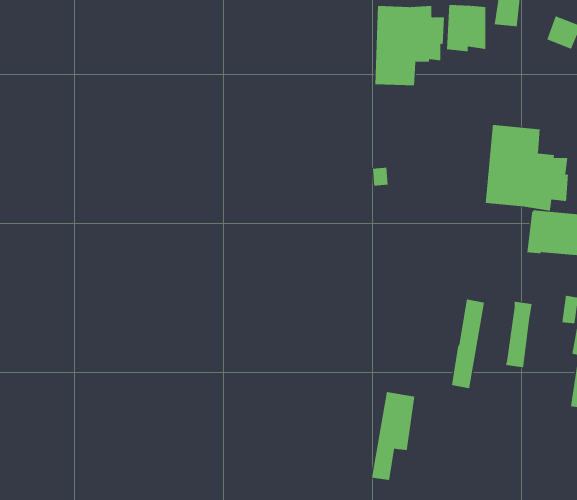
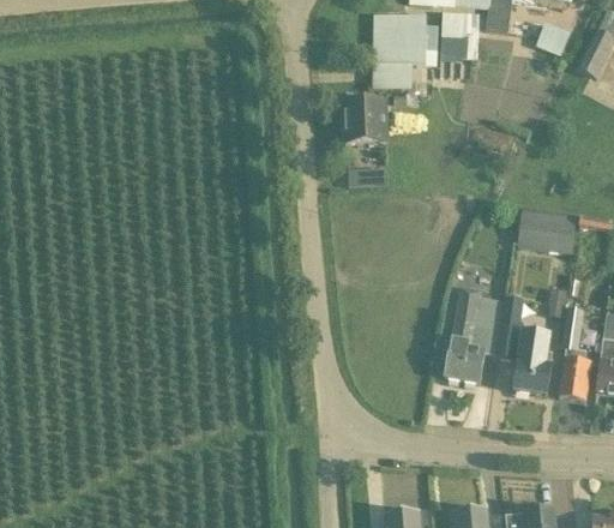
building: none -> [344,100,386,142]
building: [485,124,569,211] -> none
building: none -> [514,330,553,395]
building: [371,392,415,480] -> [463,296,505,382]

